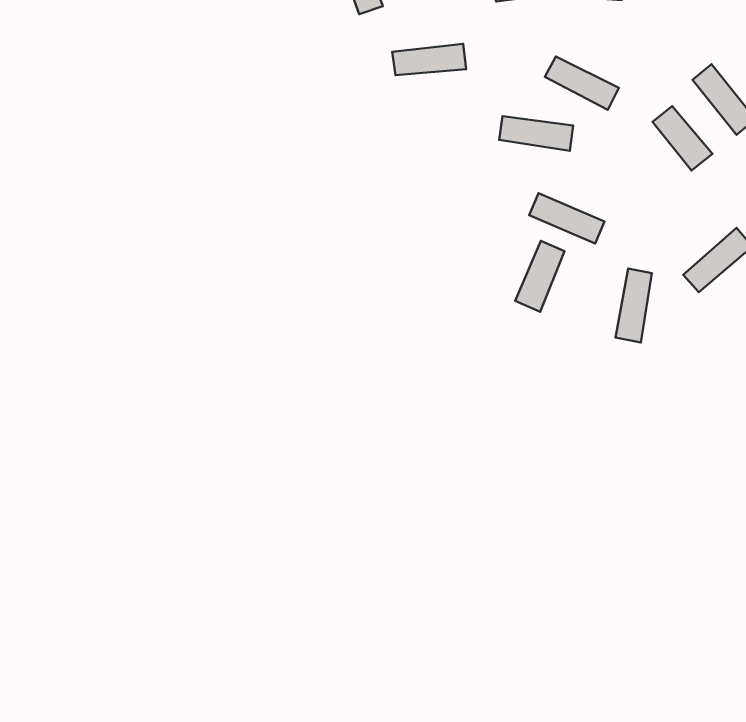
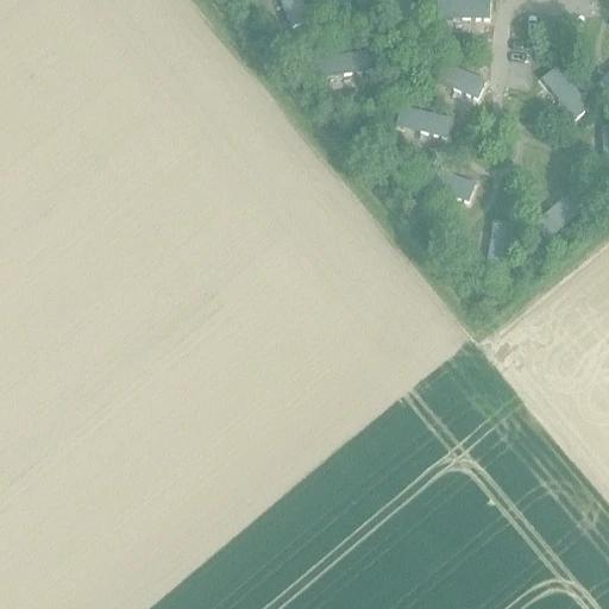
building: [652,106,712,171] -> none
building: [515,241,564,312] -> none

